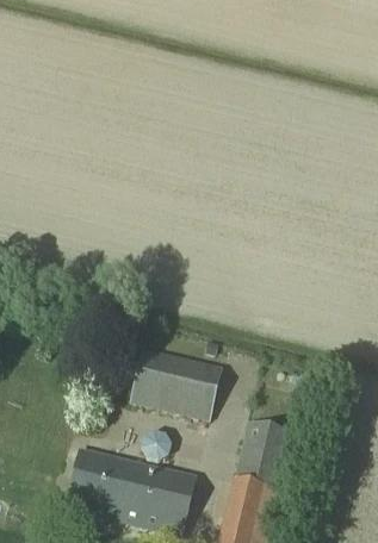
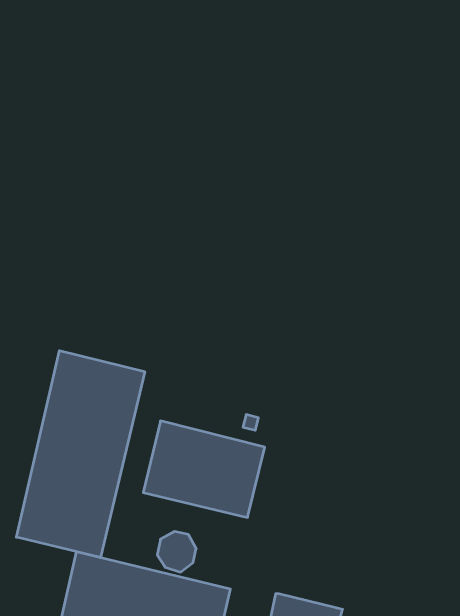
building: none -> [16,351,145,558]
building: [234,420,291,489] -> none

